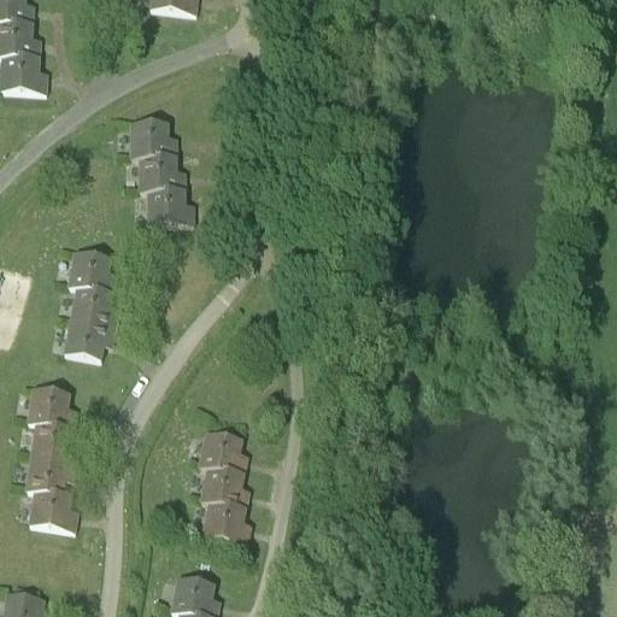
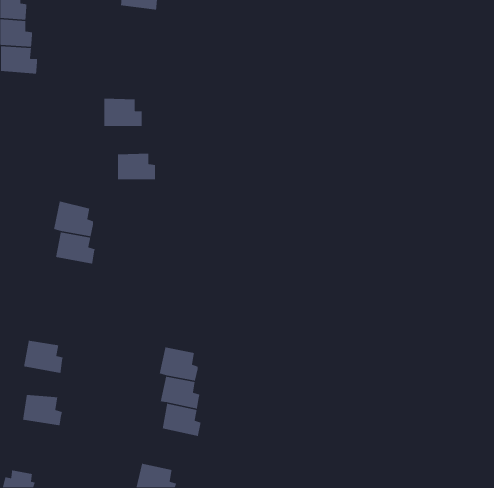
building: [136,158,186,192] -> none
building: [63,321,116,360] -> none
building: [27,387,76,429] -> none
building: [24,457,76,493] -> none

